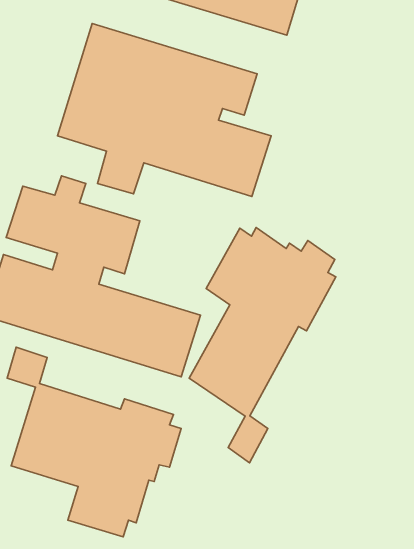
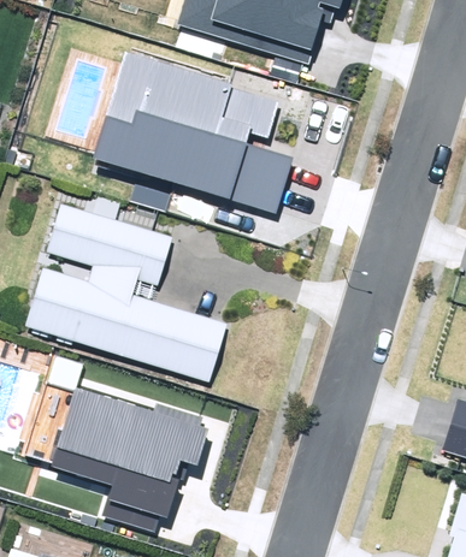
building: [189,228,336,463] -> none

